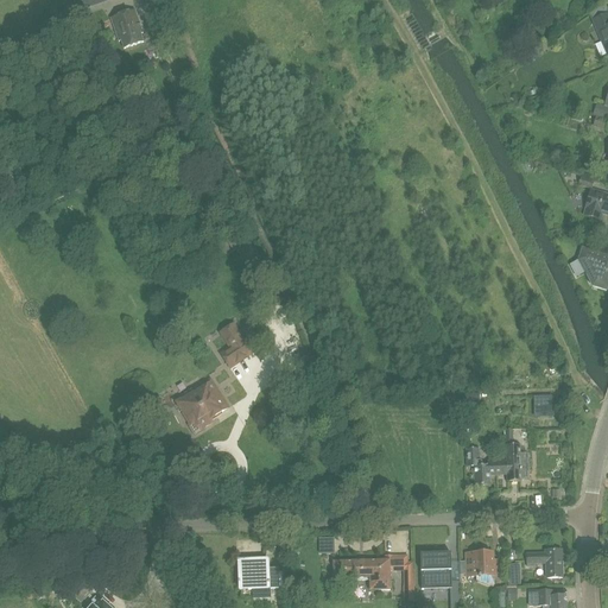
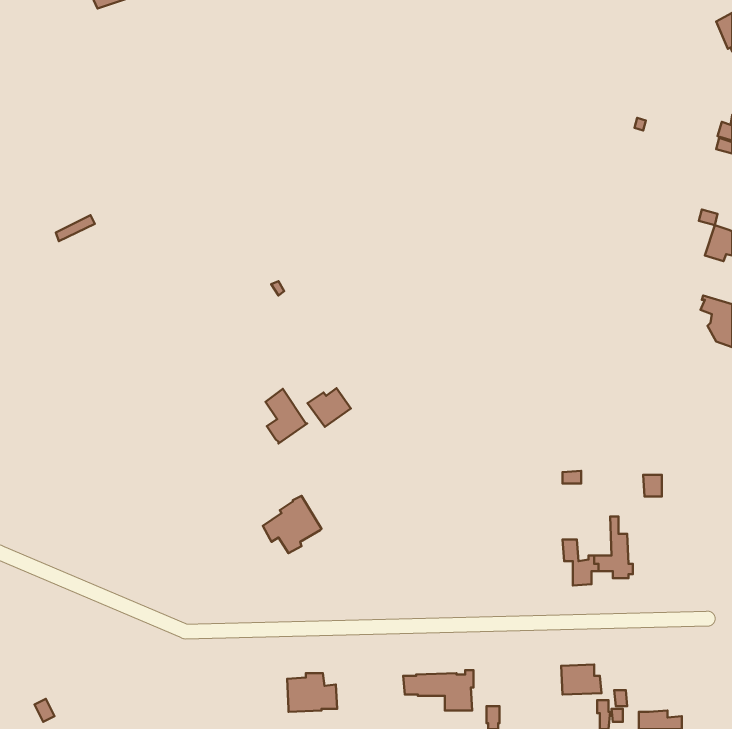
building: [110,8,144,48] -> none
building: none -> [307,388,351,427]
building: [179,379,228,426] -> [263,496,322,553]
building: [526,547,562,576] -> none
building: [420,552,460,591] -> none

